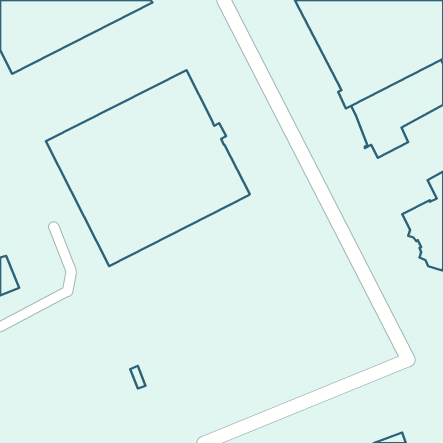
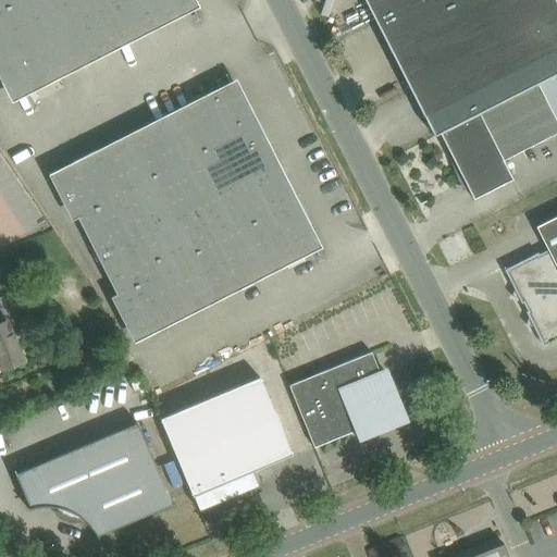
building: none -> [289,351,403,447]
building: none -> [160,376,293,510]
building: none -> [15,422,173,537]

